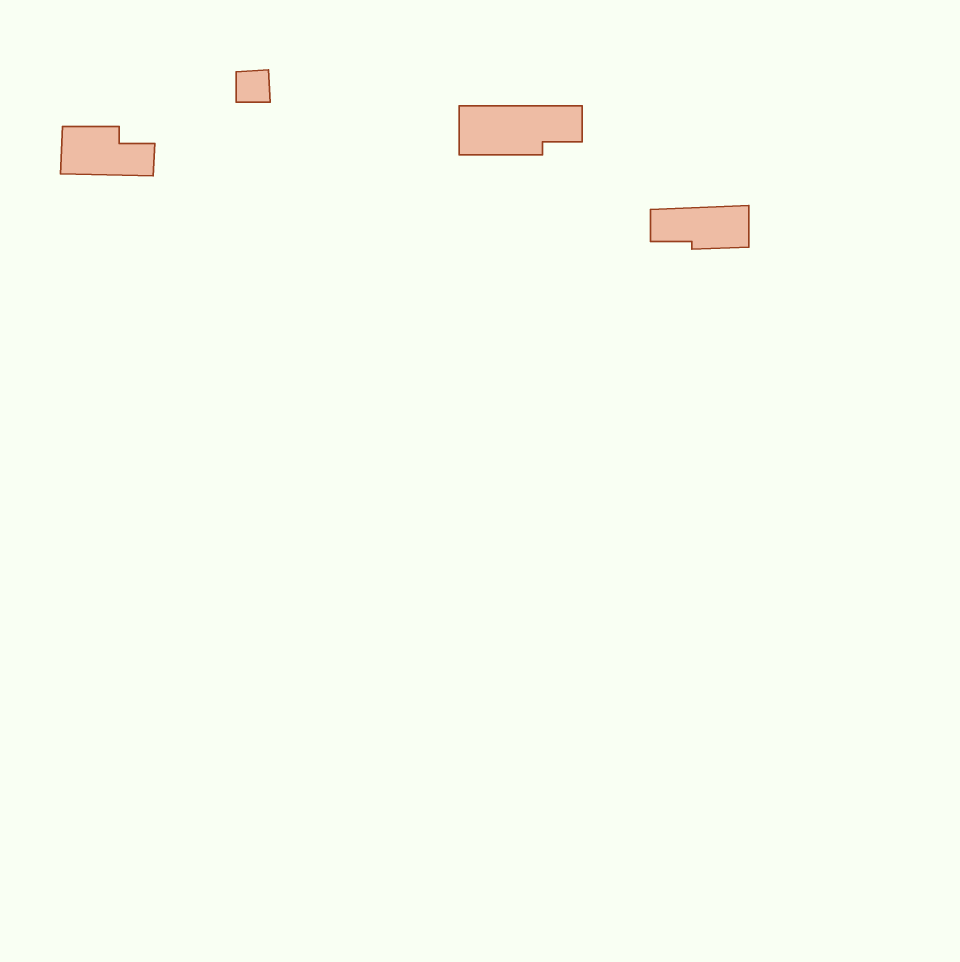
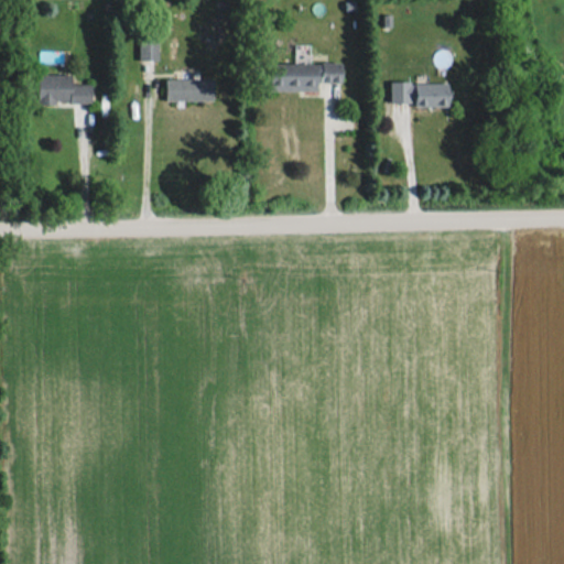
building: none -> [167,79,216,102]
building: [650,206,749,249] -> [392,83,449,108]

